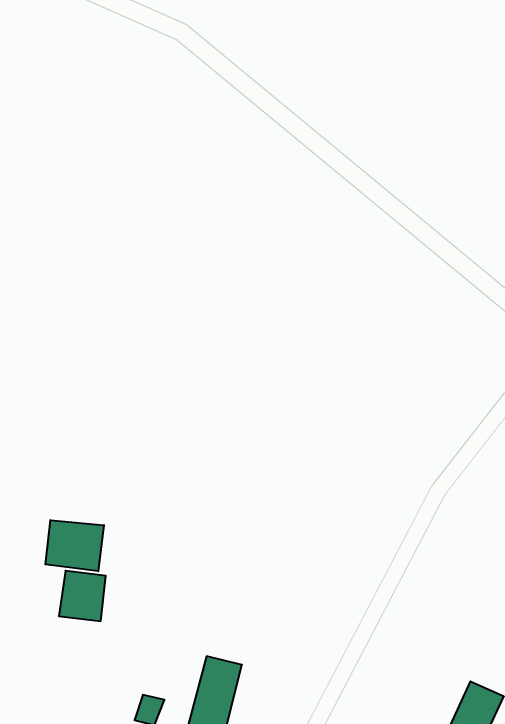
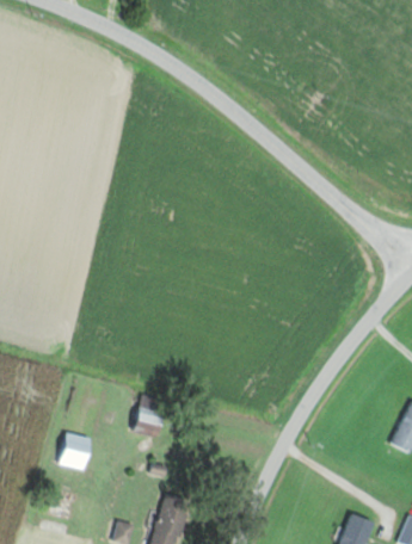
building: none -> [133,392,170,437]
building: [45,520,104,571] -> none

